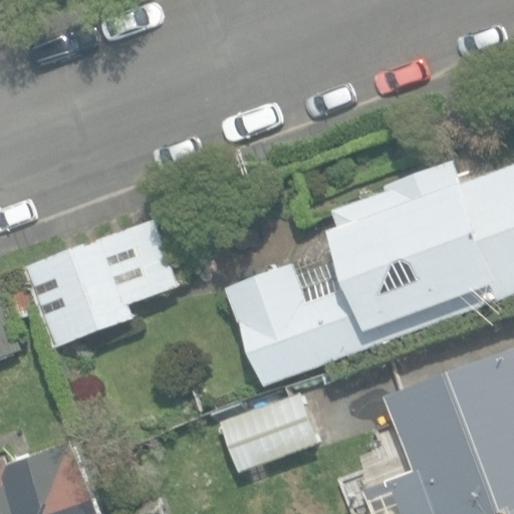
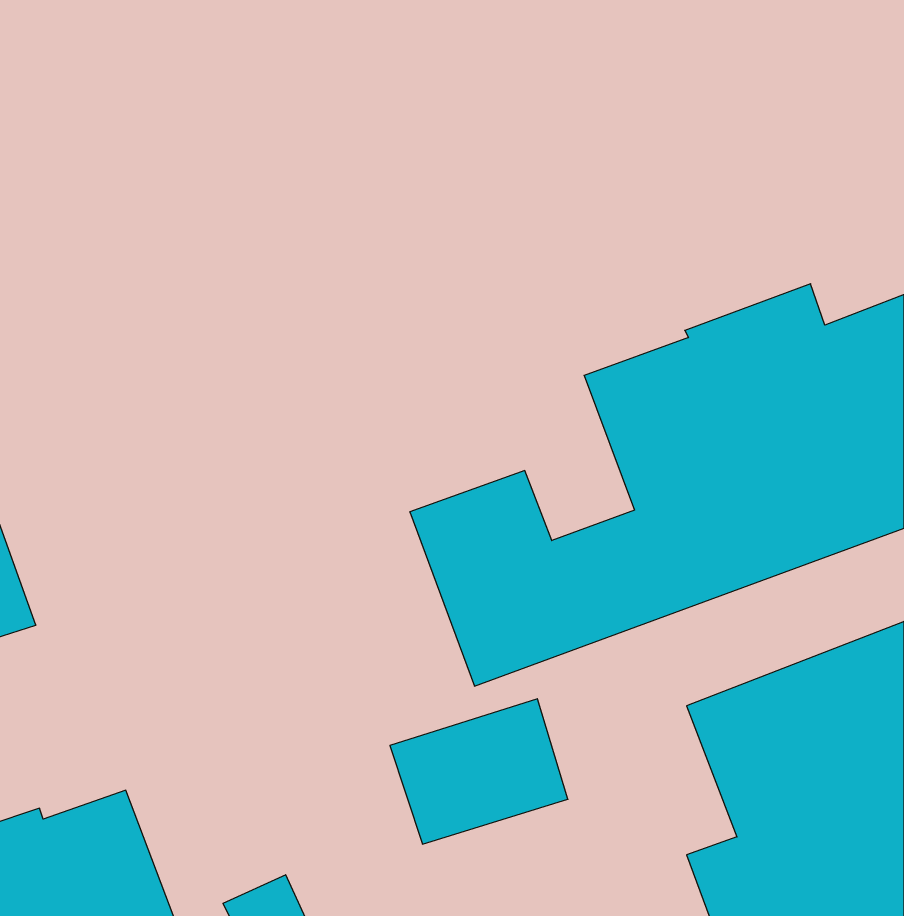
building: [20,221,178,352] -> none

